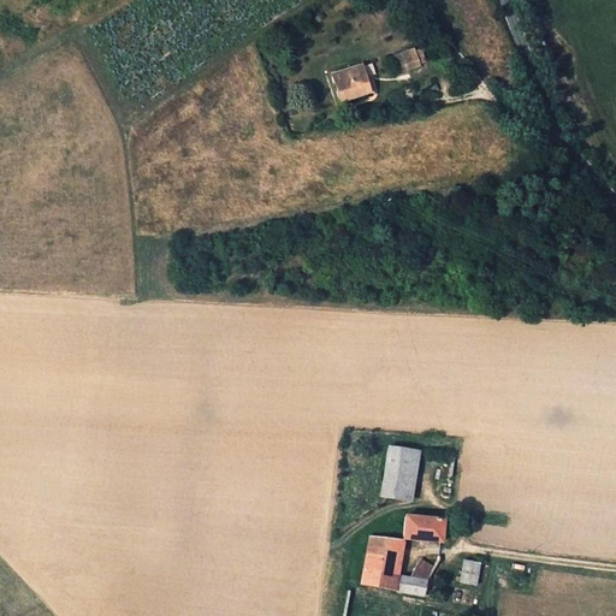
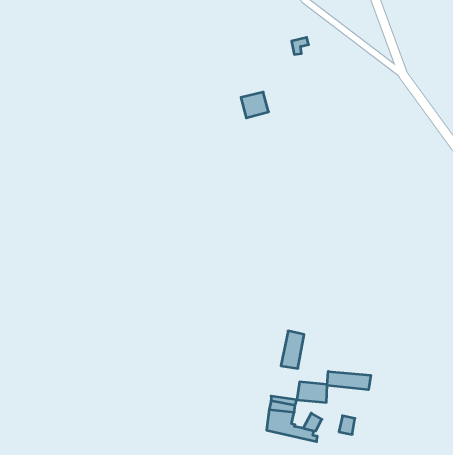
building: [336,64,373,99] -> [241,92,269,118]
building: none -> [327,371,371,390]

